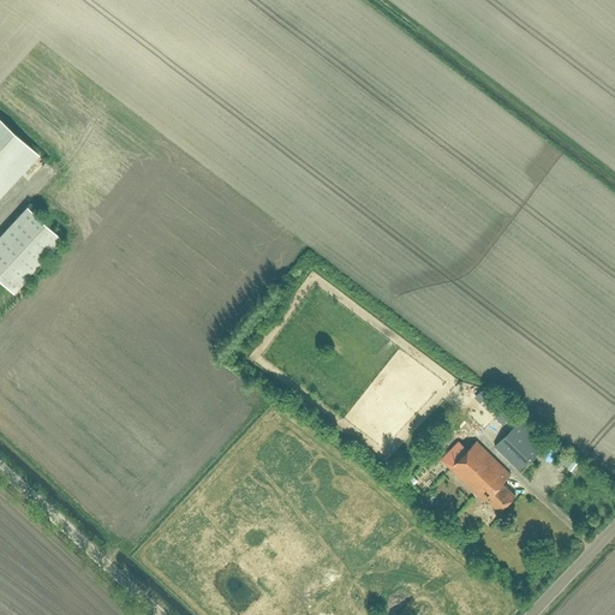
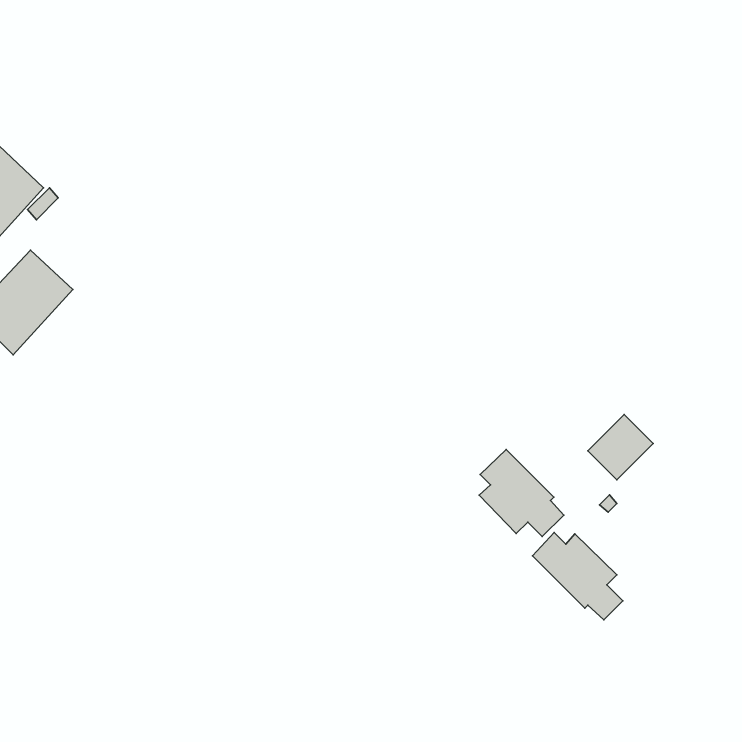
building: none -> [479,449,564,537]
building: [494,417,548,471] -> [588,414,653,480]

